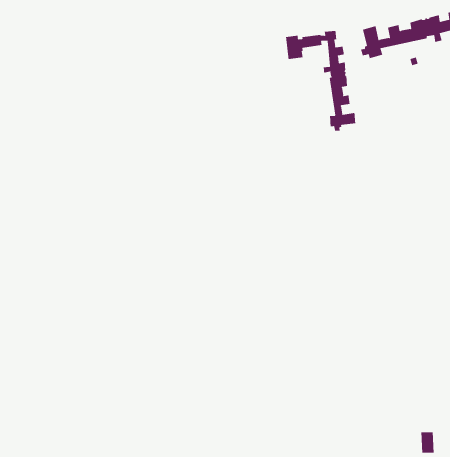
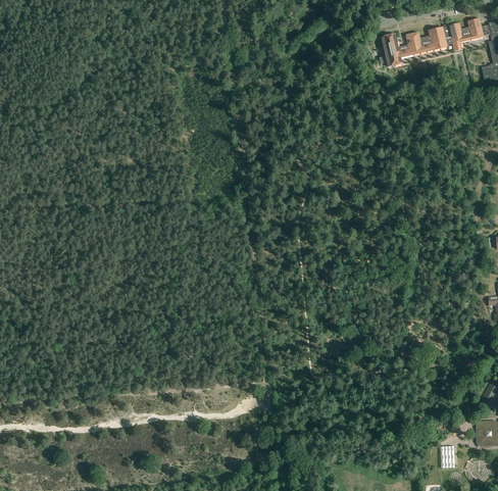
building: [285,30,356,132] -> none

